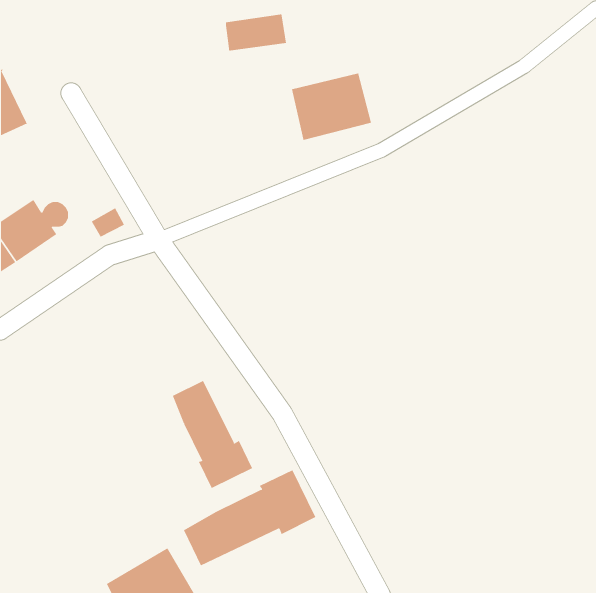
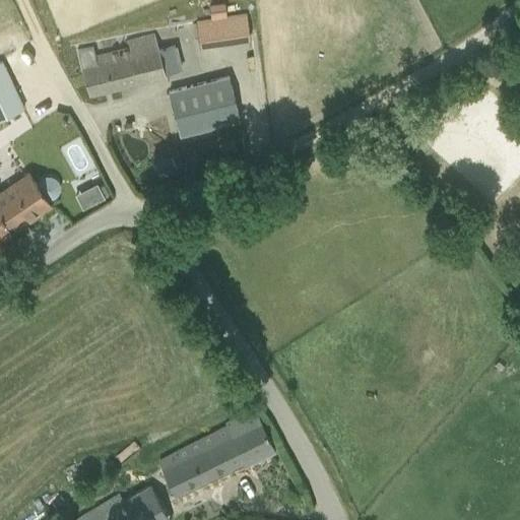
building: none -> [77,38,181,96]
building: [291,73,372,140] -> [170,78,240,137]
building: [172,380,253,489] -> none

